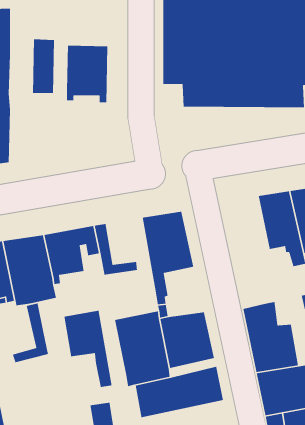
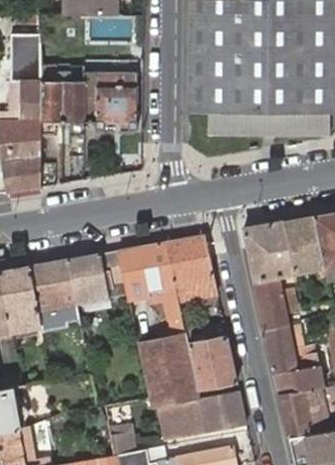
building: none -> [37,67,61,136]
building: none -> [244,221,299,332]
building: [12,302,49,363] -> none
building: [63,310,113,388] -> [132,242,181,319]

